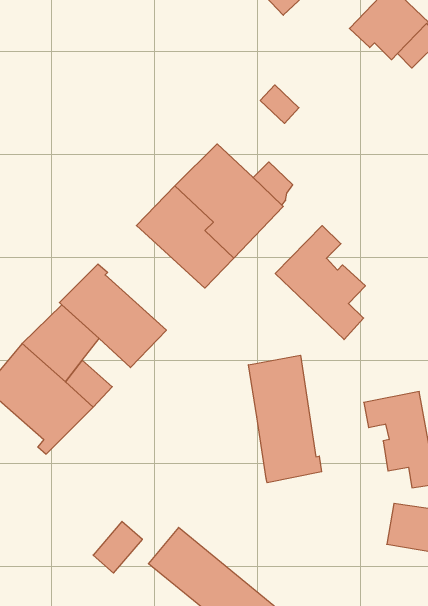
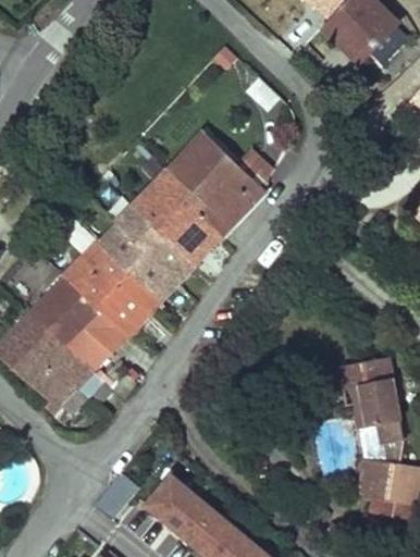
building: [275,226,365,340] -> none
building: none -> [98,207,195,301]
building: none -> [84,309,127,352]
building: [248,355,322,483] -> none

